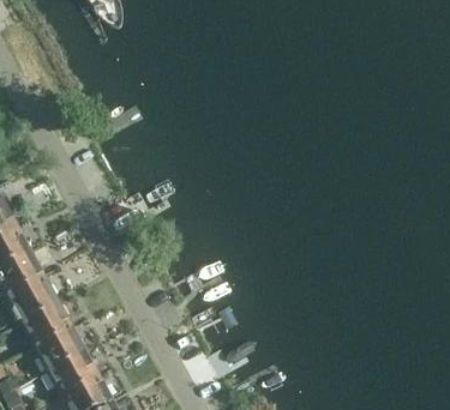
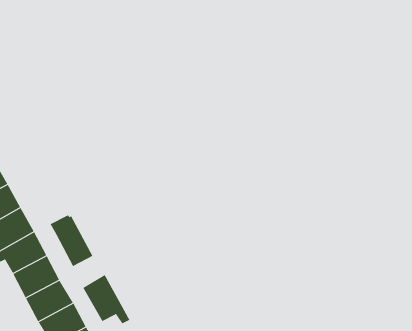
building: none -> [50,214,93,267]
building: none -> [82,274,130,324]

